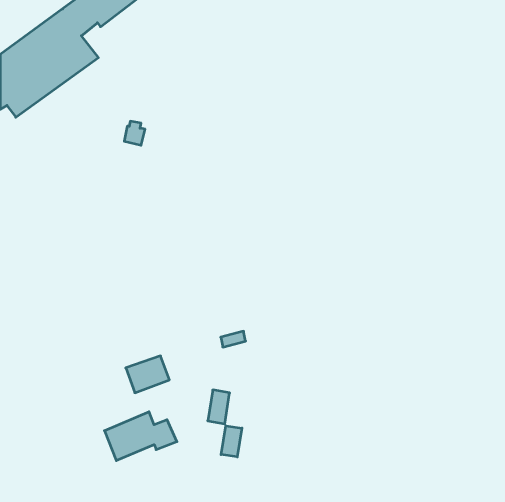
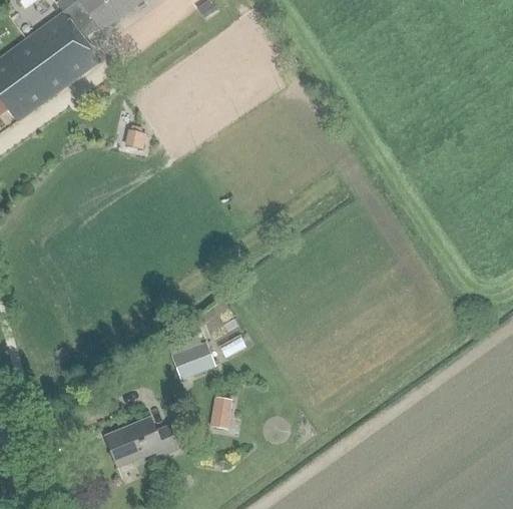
building: [126,356,169,393] -> [169,342,213,379]
building: [221,426,242,457] -> none

